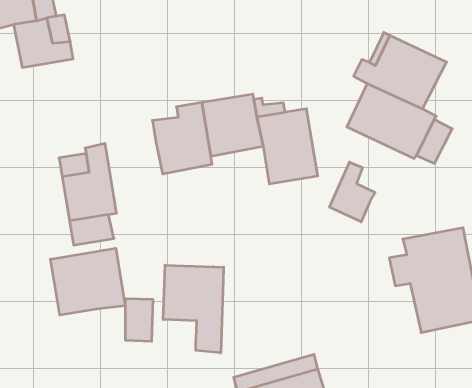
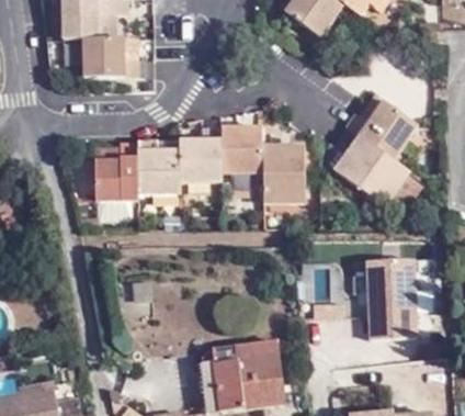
building: none -> [139,147,181,195]
building: [330,162,375,222] -> none
building: [50,248,125,315] -> none
building: [163,265,224,353] -> none

